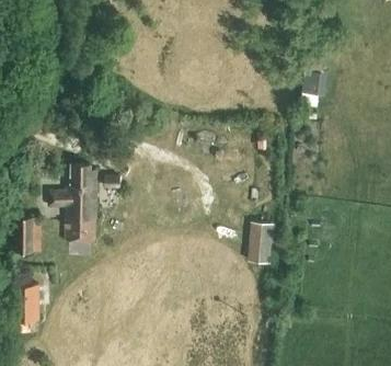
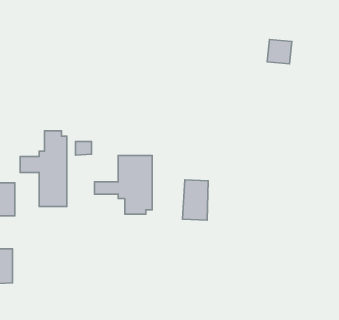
building: none -> [95,156,152,214]
building: [251,219,277,261] -> [183,180,208,220]

